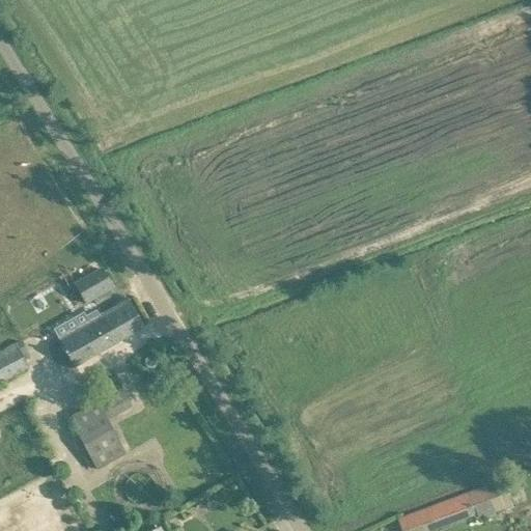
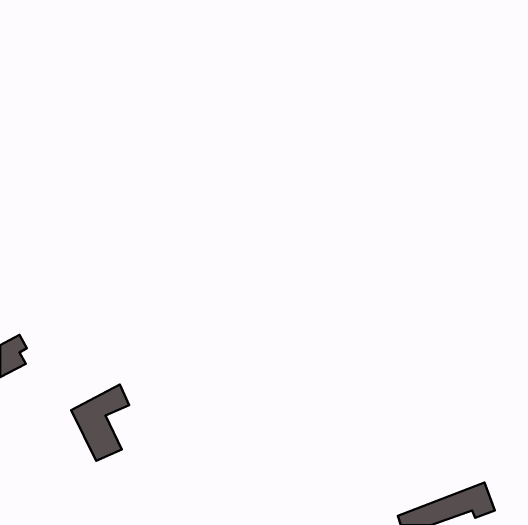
building: [71,274,111,302] -> none
building: [59,298,142,365] -> none

